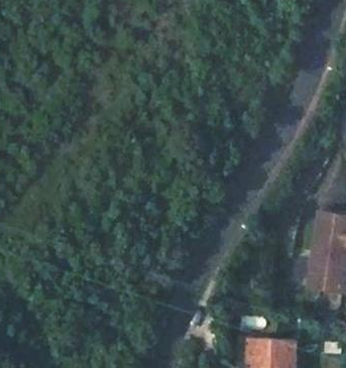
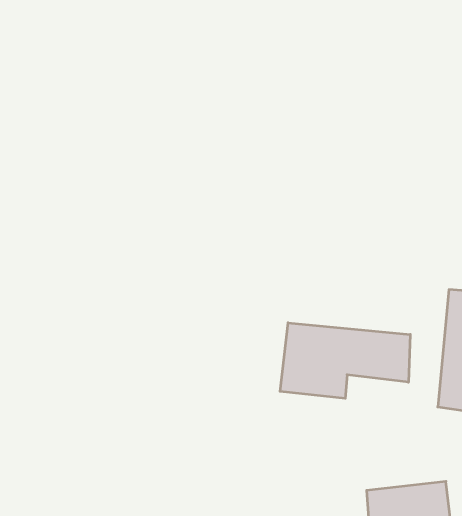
building: none -> [280,323,410,398]

